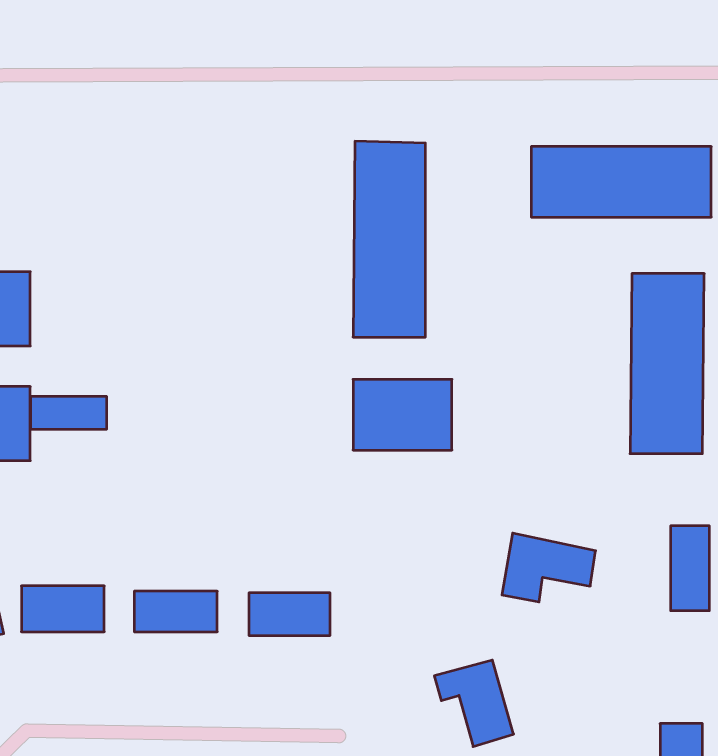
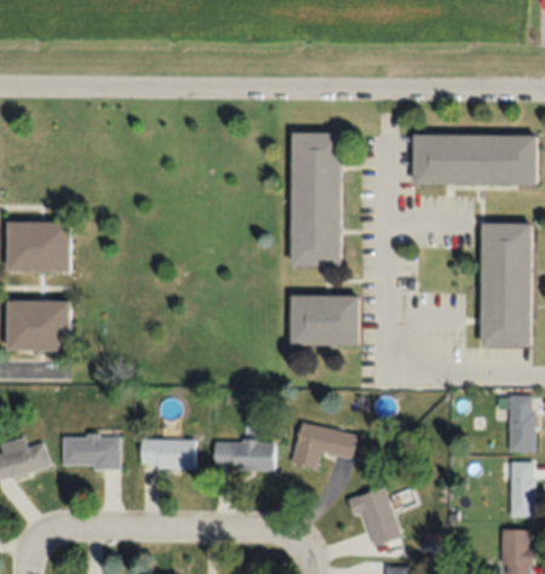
building: [31,396,106,429] -> none
building: [502,533,596,602] -> [292,421,356,469]
building: none -> [510,463,535,517]

